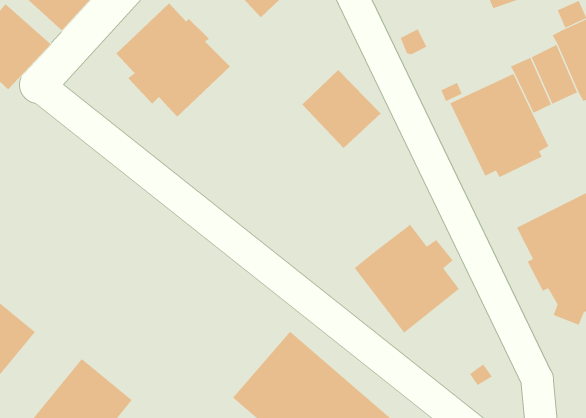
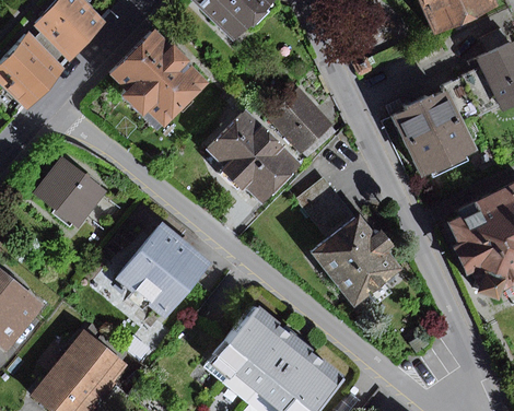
building: none -> [212,111,302,203]
building: none -> [33,155,106,227]
building: none -> [294,175,357,239]
building: none -> [116,224,210,319]

